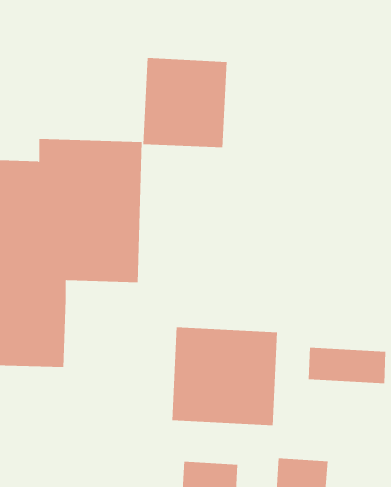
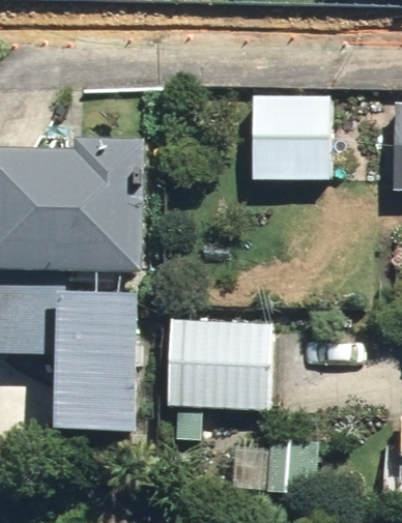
building: [143,57,227,148] -> [252,95,334,182]
building: none -> [62,289,135,432]

